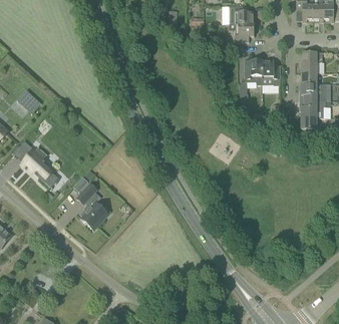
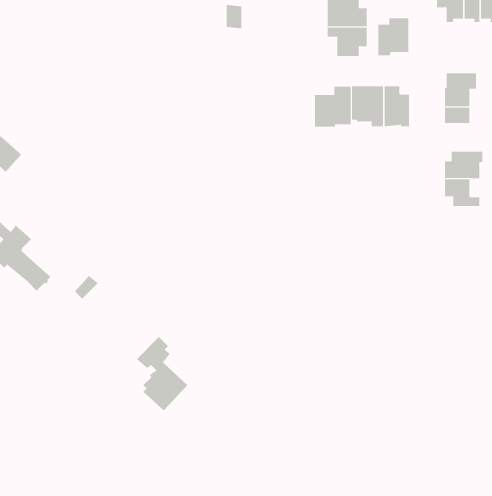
building: none -> [378,18,409,56]
building: none -> [314,86,351,127]
building: [301,82,325,99] -> none
building: [76,183,108,229] -> [136,336,188,411]

